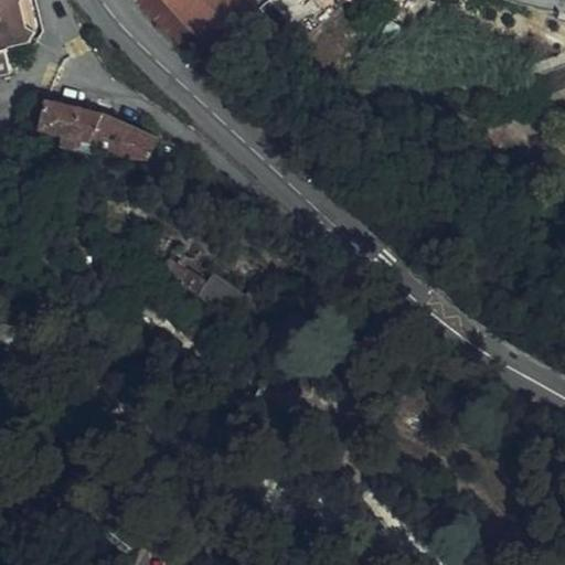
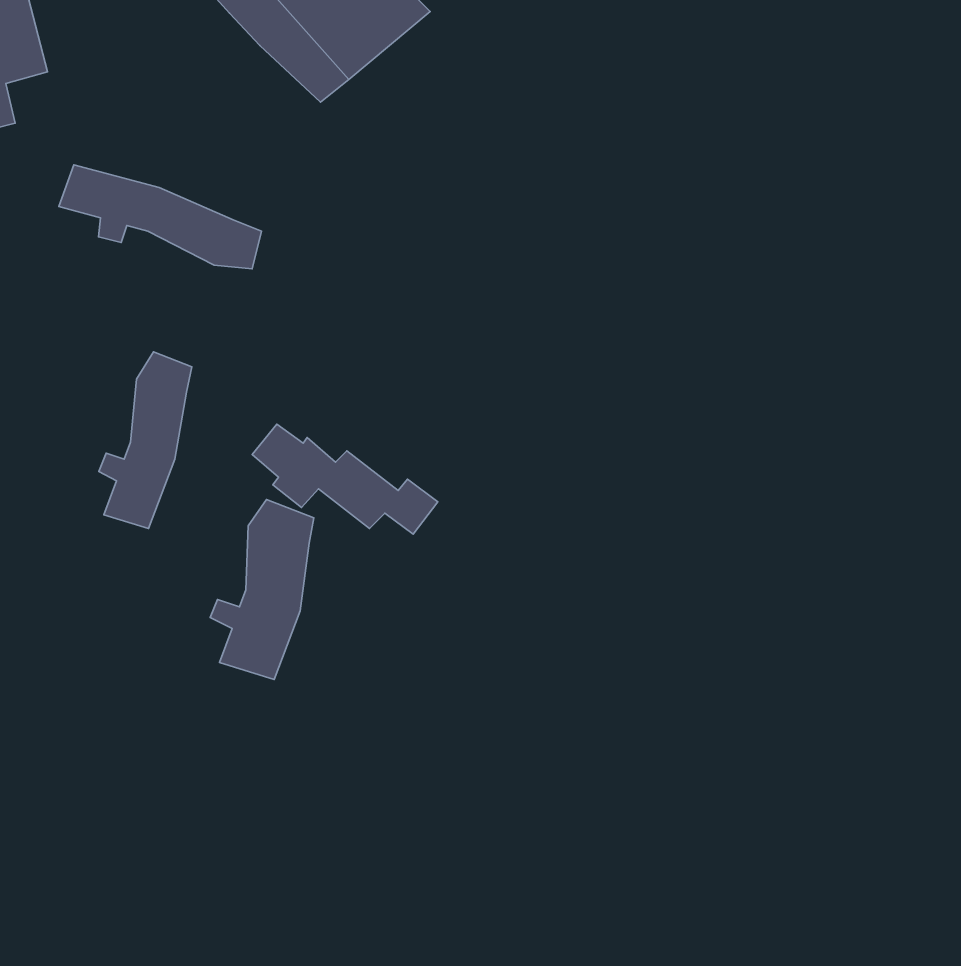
building: none -> [99,352,192,528]
building: none -> [210,499,314,680]

